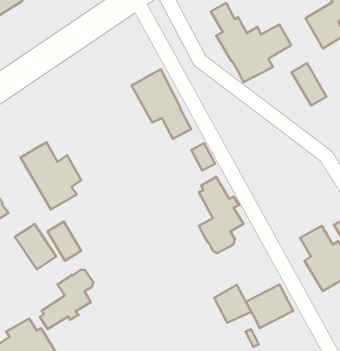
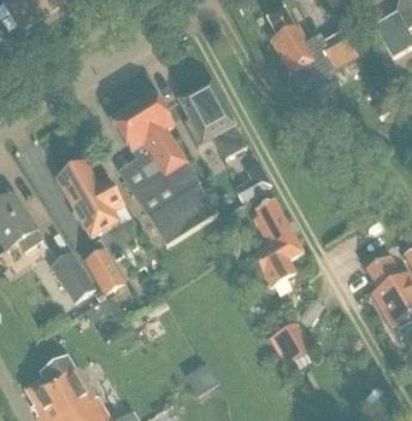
building: [292,63,326,106] -> none
building: none -> [110,89,216,245]
building: [40,270,93,329] -> none
building: [246,284,293,328] -> none

